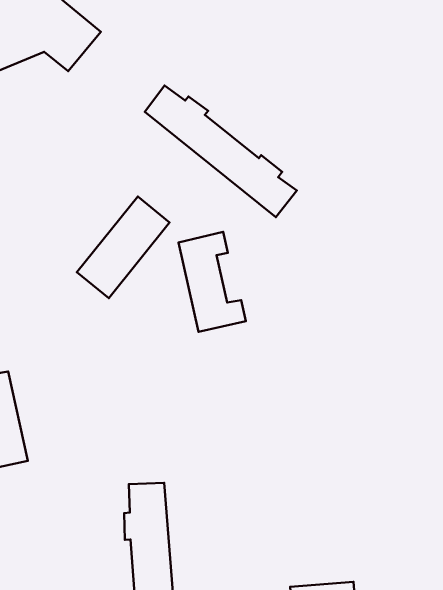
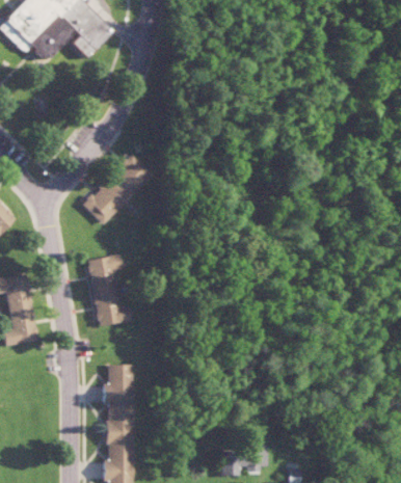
building: [145,86,297,217] -> none
building: [179,232,246,332] -> [86,254,131,326]

